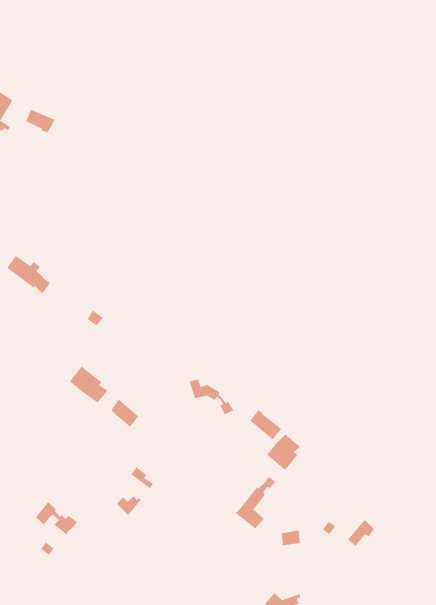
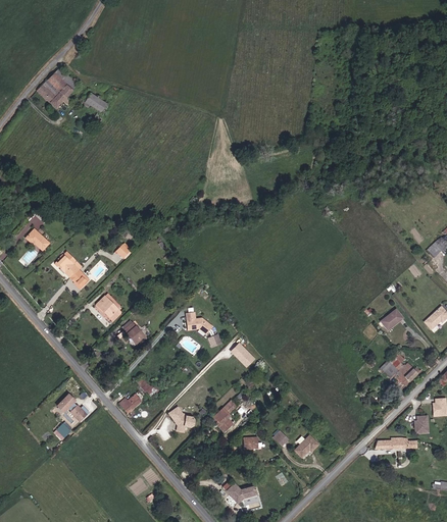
building: [6,255,51,294] -> [54,254,87,286]
building: [266,434,301,471] -> none
building: none -> [165,405,195,431]

